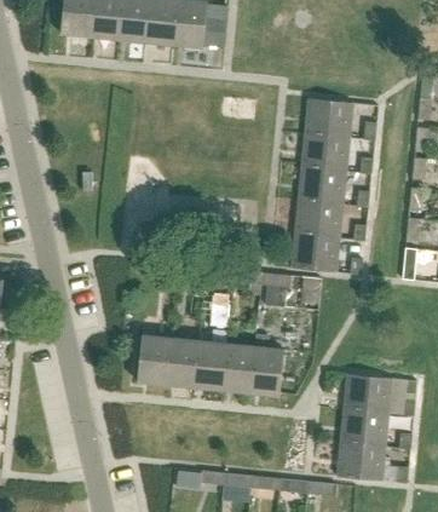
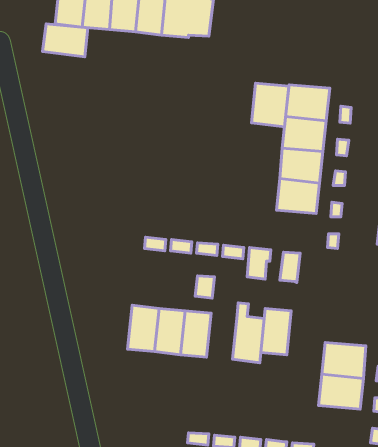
building: none -> [42,24,88,57]
building: none -> [252,83,289,127]
building: [293,232,339,271] -> none
building: [221,343,254,392] -> [261,308,291,355]
building: [338,442,386,481] -> none

